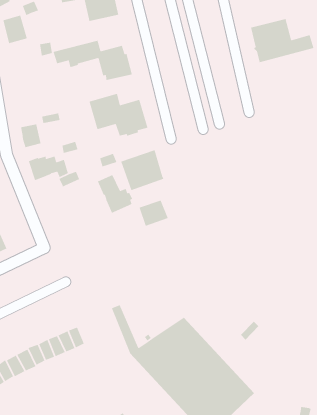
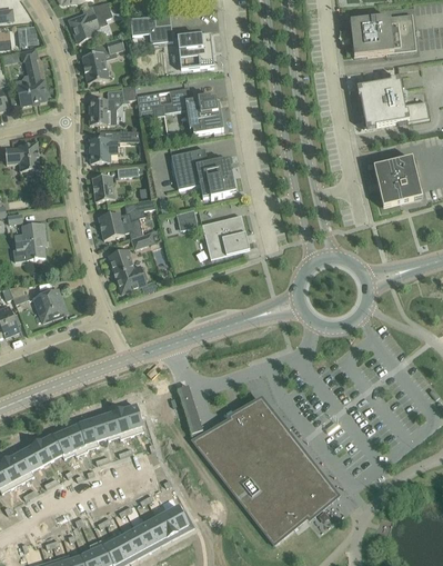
building: none -> [90,99,108,123]
building: none -> [375,159,421,206]
building: none -> [90,138,118,162]
building: [97,174,134,214] -> [109,248,148,292]
building: [139,200,169,227] -> none

